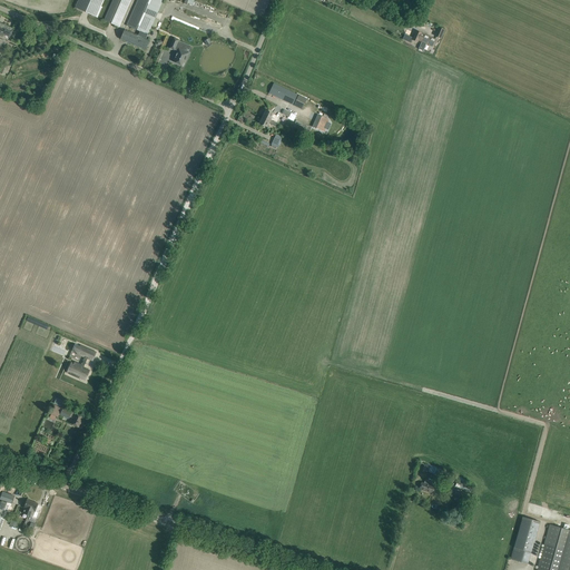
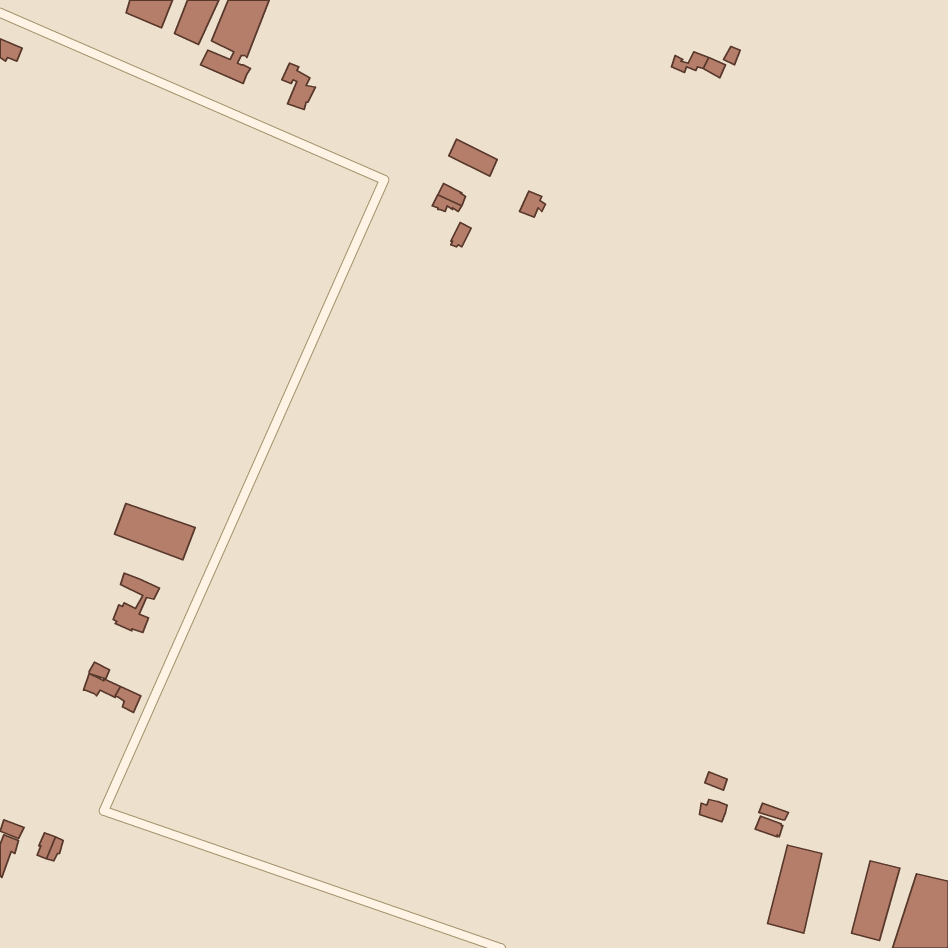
building: none -> [115,504,195,560]
building: none -> [768,845,822,933]

